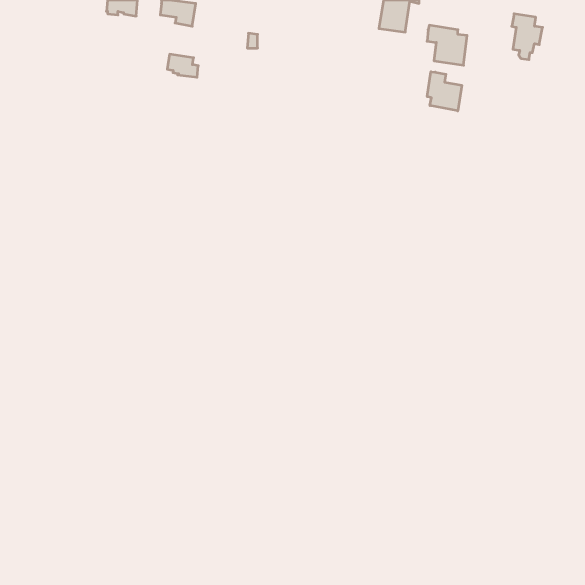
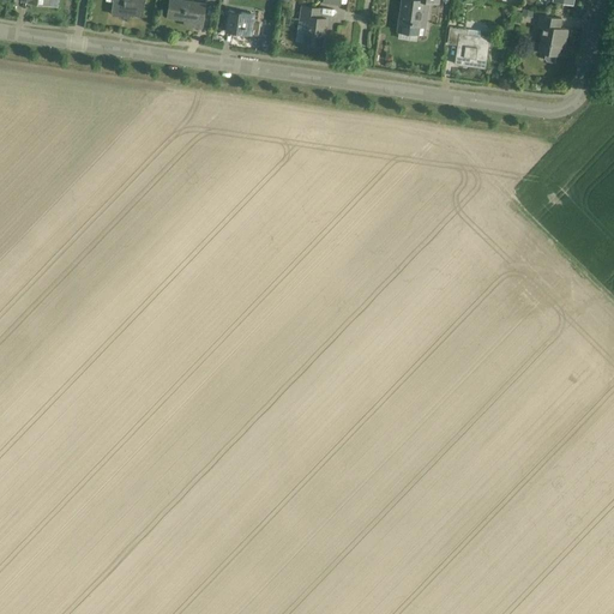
building: none -> [300,6,326,44]
building: [167,54,198,77] -> [227,11,259,35]
building: [427,72,462,111] -> none

